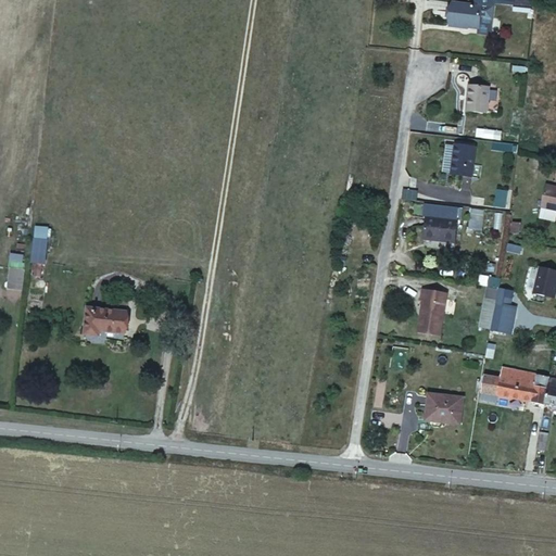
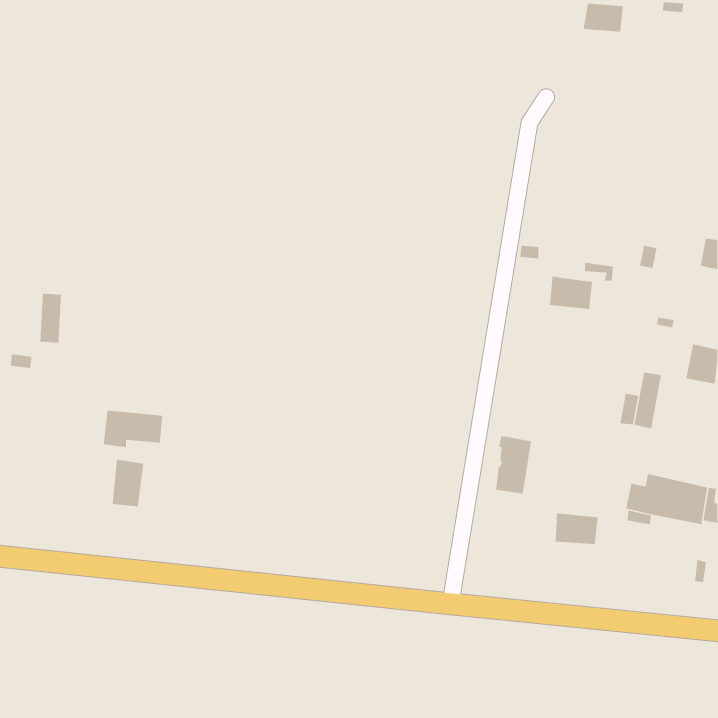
building: [468,80,490,109] -> none
building: [448,143,472,174] -> none
building: [422,289,451,334] -> [495,435,532,494]
building: none -> [112,459,144,507]

